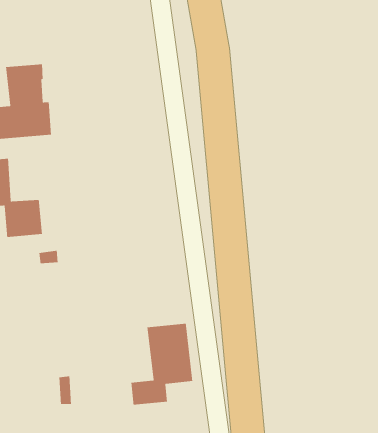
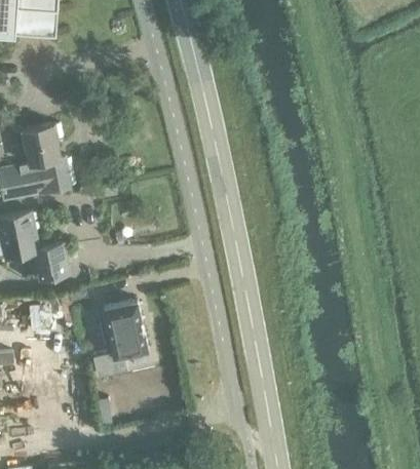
building: [130,323,193,406] -> [92,299,148,377]

